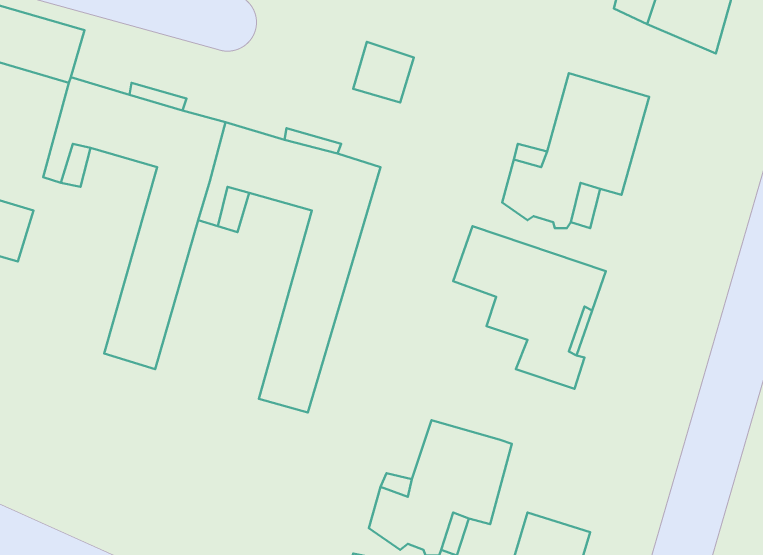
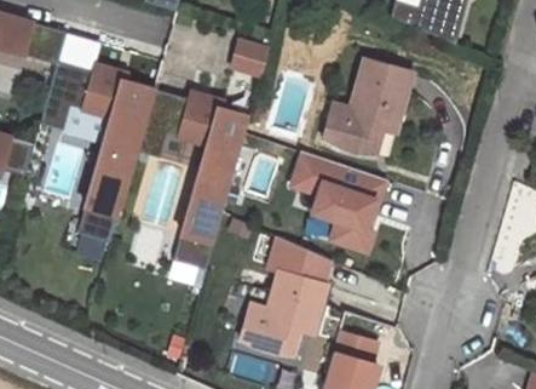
building: none -> [265,236,330,284]

